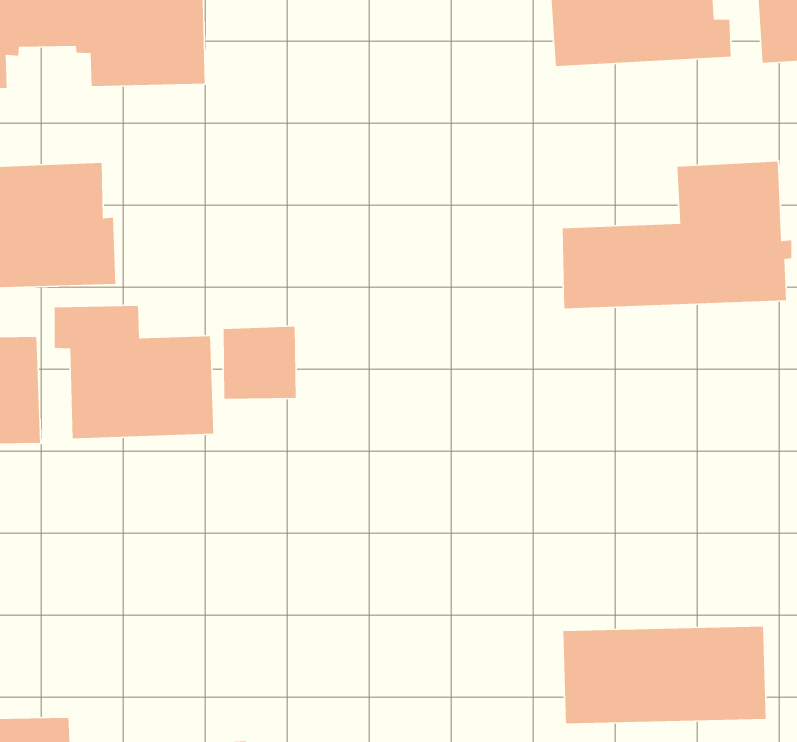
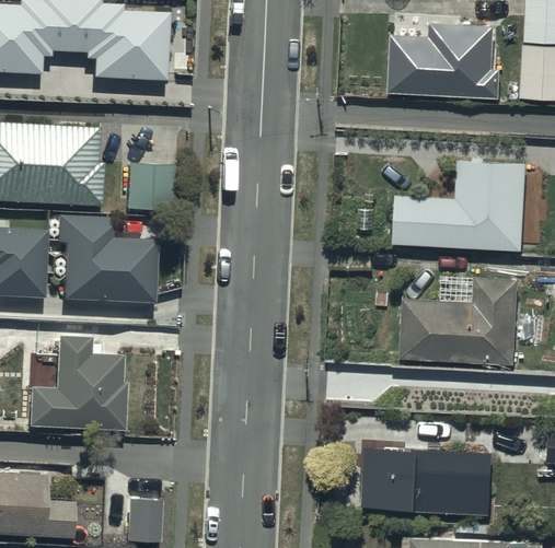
building: [223,326,296,400] -> [126,163,175,211]
building: none -> [398,276,517,361]
building: none -> [28,336,126,429]

